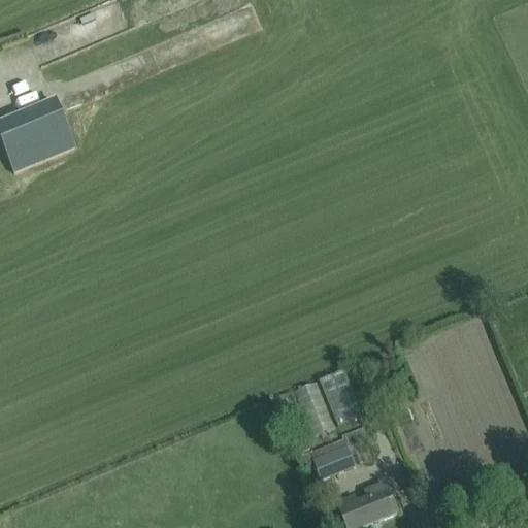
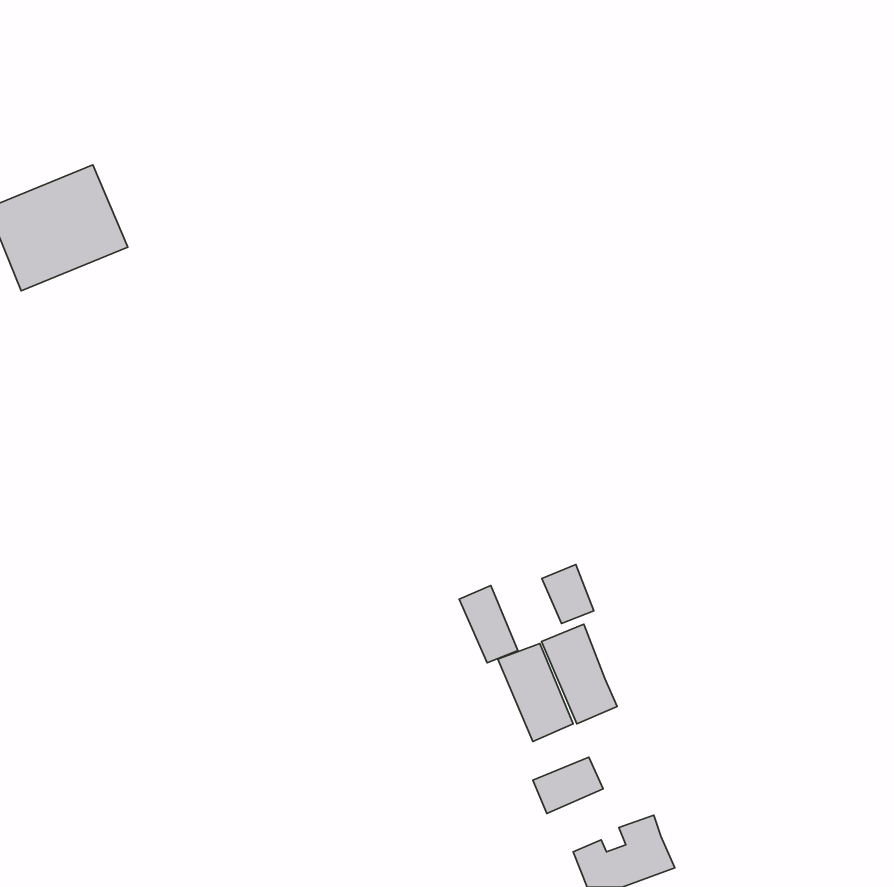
building: none -> [542,564,594,624]
building: none -> [459,586,518,663]

